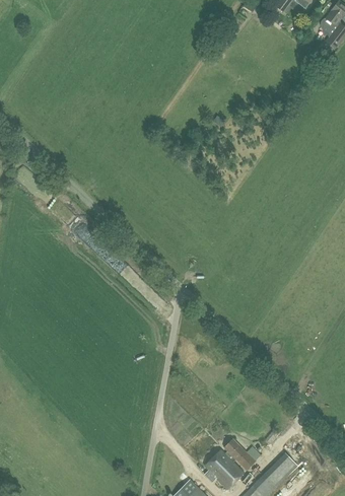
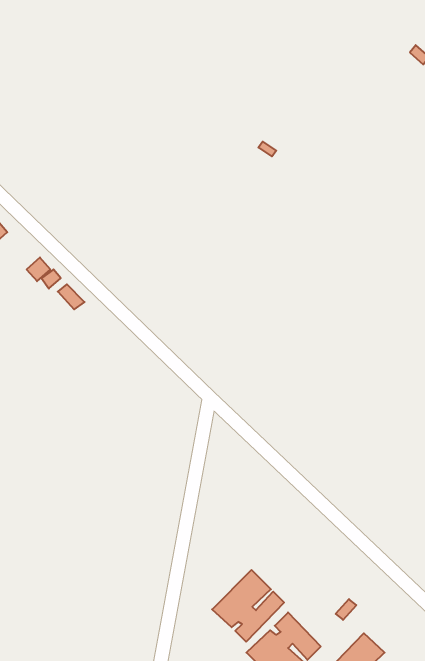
building: none -> [212,570,284,642]

